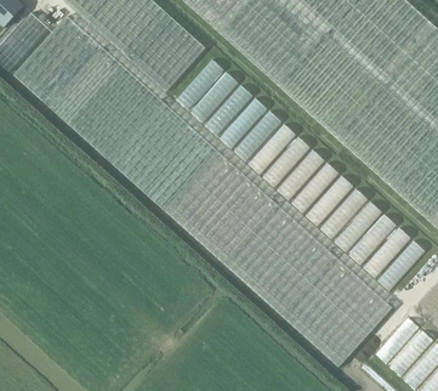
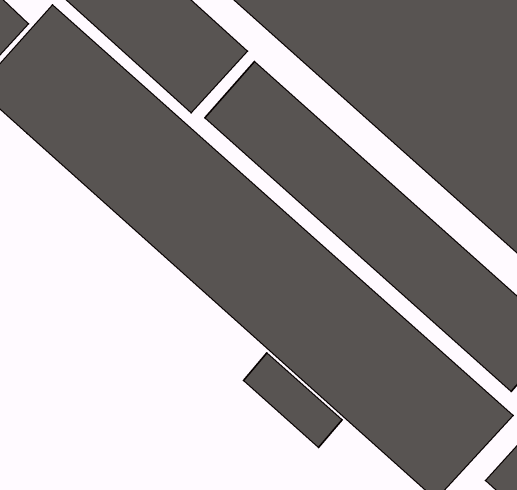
building: none -> [243,353,342,448]

